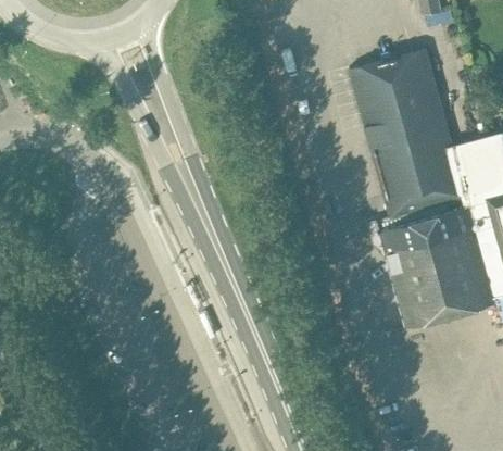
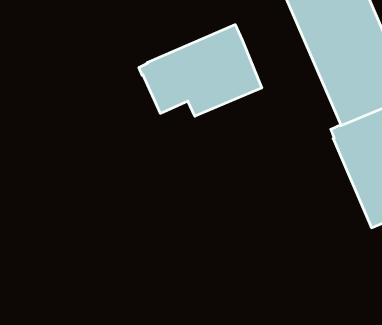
building: none -> [139,25,262,116]

